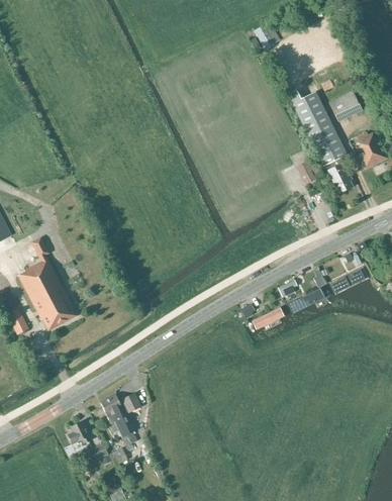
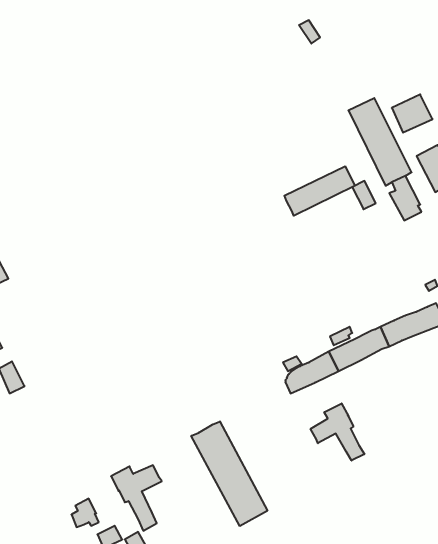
building: none -> [284,166,355,216]
building: [18,236,76,328] -> none
building: none -> [311,403,364,461]
building: none -> [191,421,267,526]

